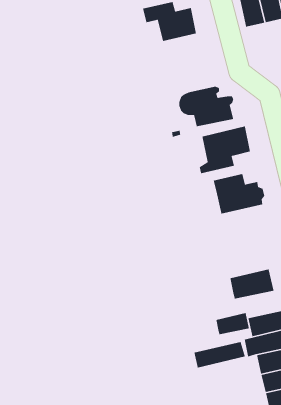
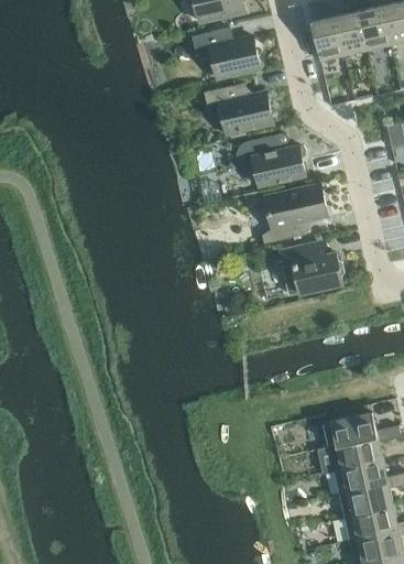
building: none -> [203,83,272,134]
building: [229,268,274,299] -> none
building: [215,312,250,335] -> none
building: [194,341,246,368] -> none

